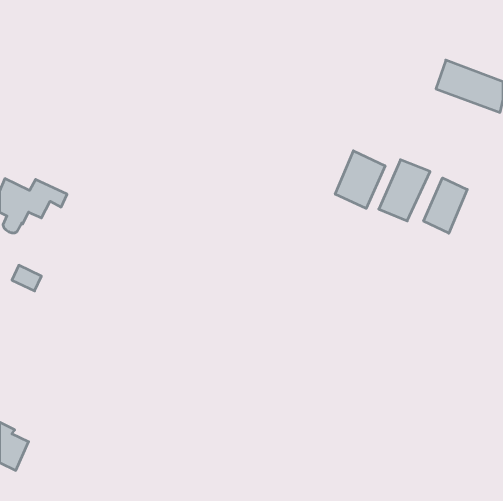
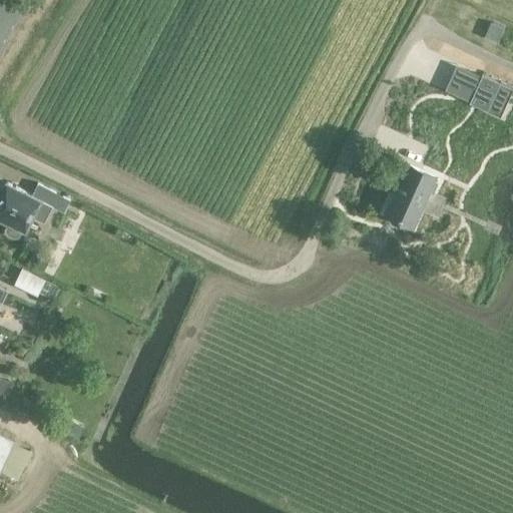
building: [335,151,385,208] -> none
building: [424,178,467,233] -> none

